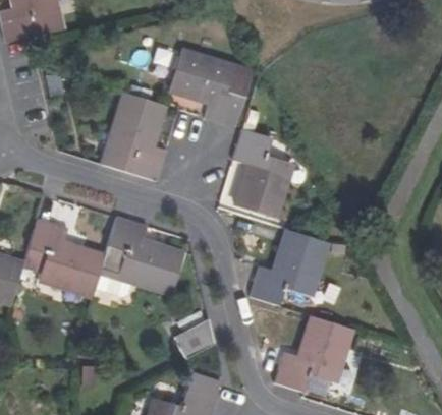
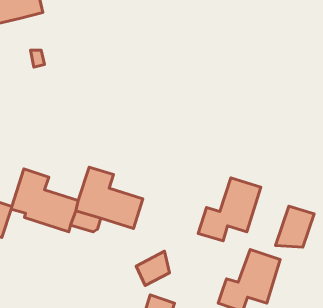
building: [169,51,252,127] -> none
building: [102,93,167,181] -> none
building: [232,129,290,218] -> none
building: none -> [275,206,314,247]

